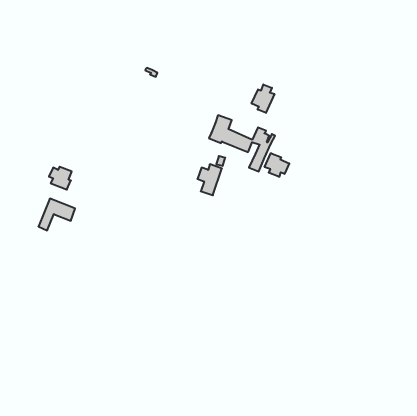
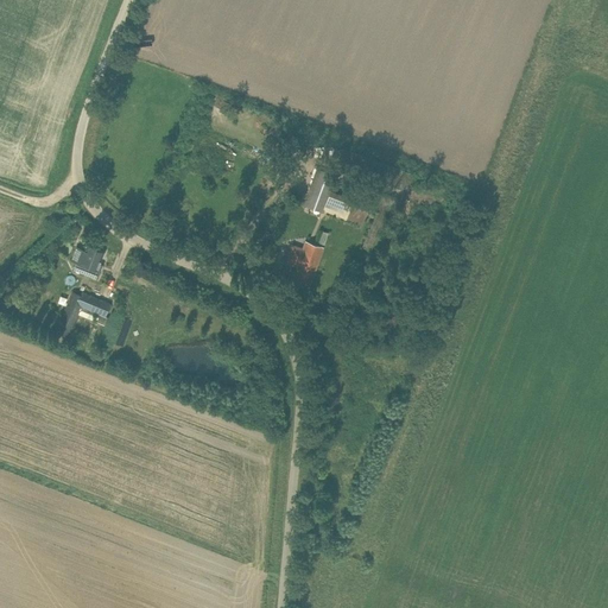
building: [252,84,274,113] -> none
building: [265,153,289,177] -> none

